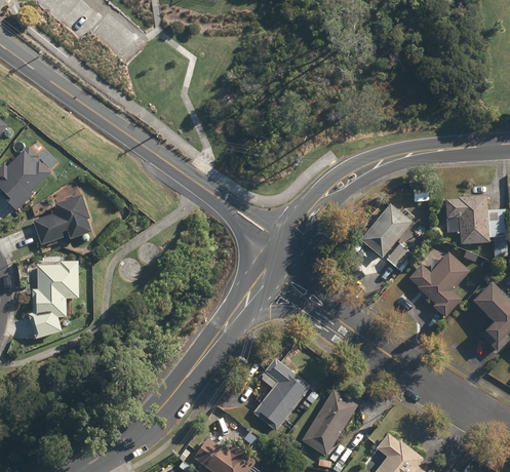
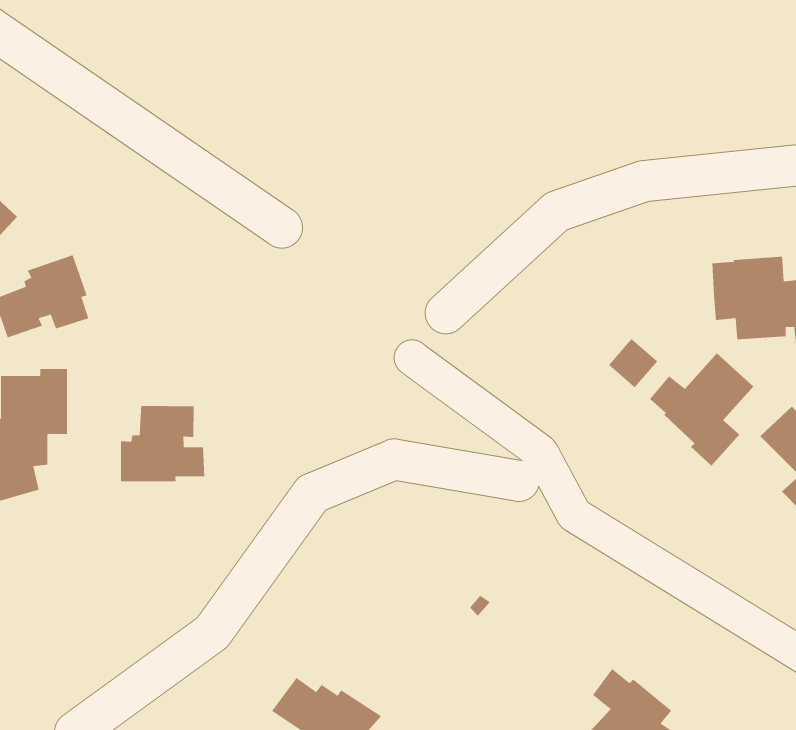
building: [359,204,411,259] -> none
building: none -> [121,405,205,482]
building: [253,357,311,430] -> none
building: [302,390,358,456] -> none

